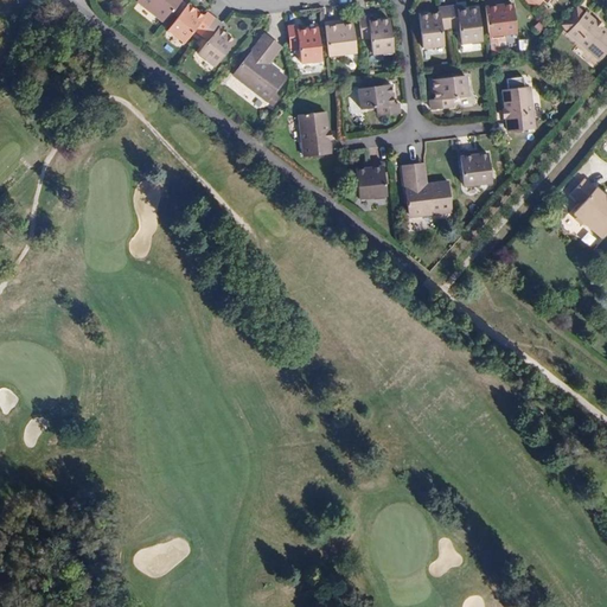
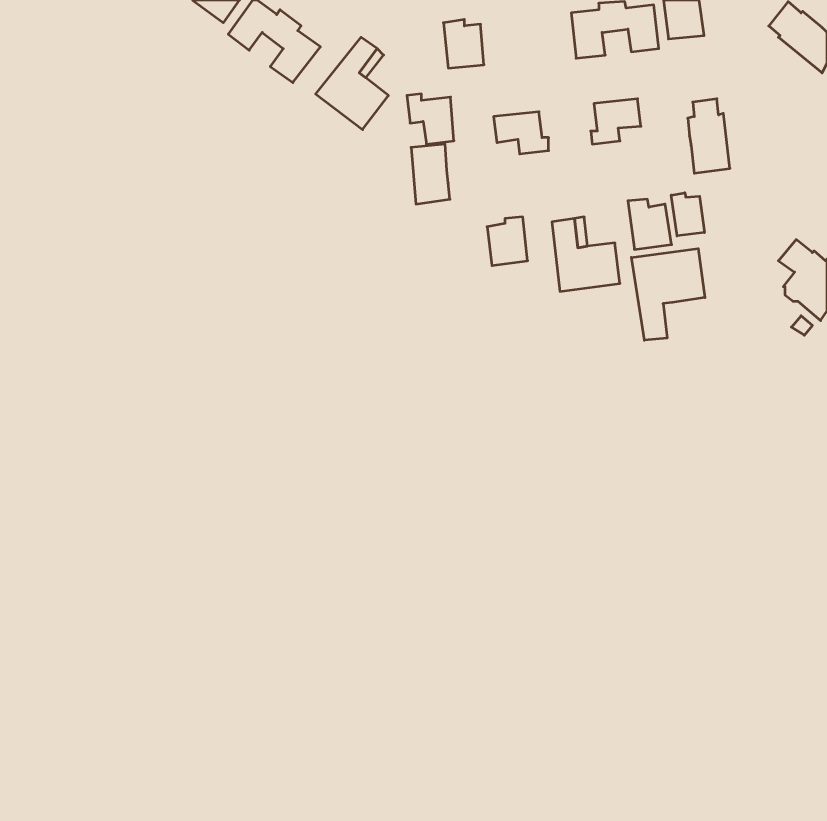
building: [360,17,397,53] -> none
building: [288,24,322,60] -> [407,94,454,144]
building: none -> [671,193,704,236]
building: none -> [631,249,705,340]

